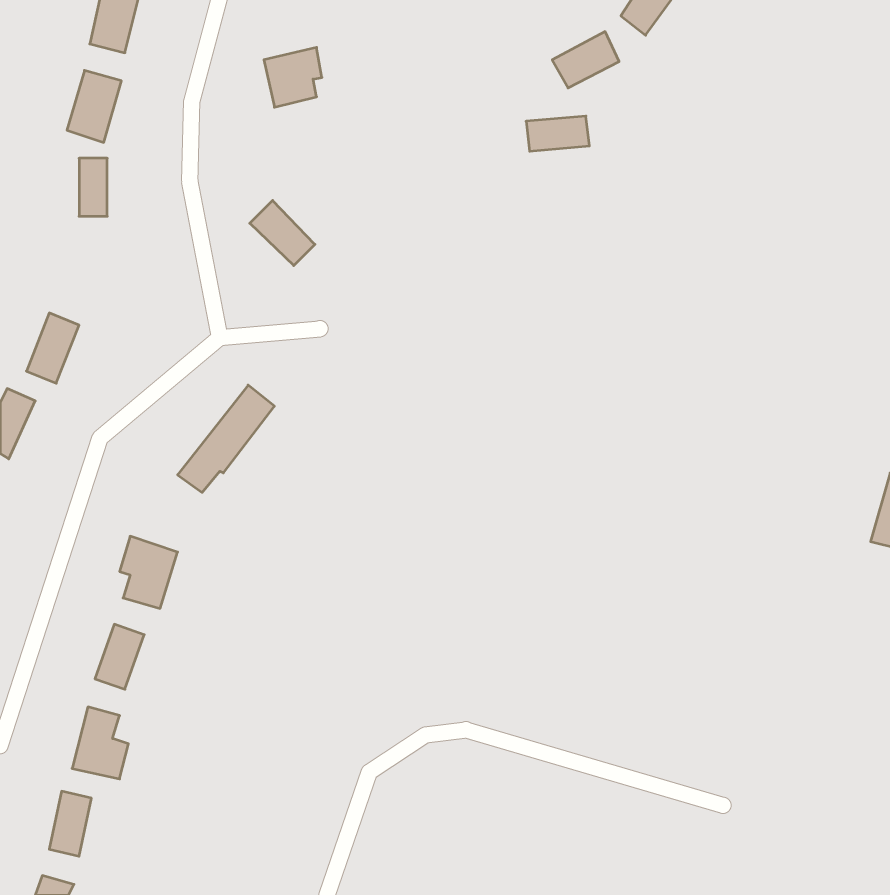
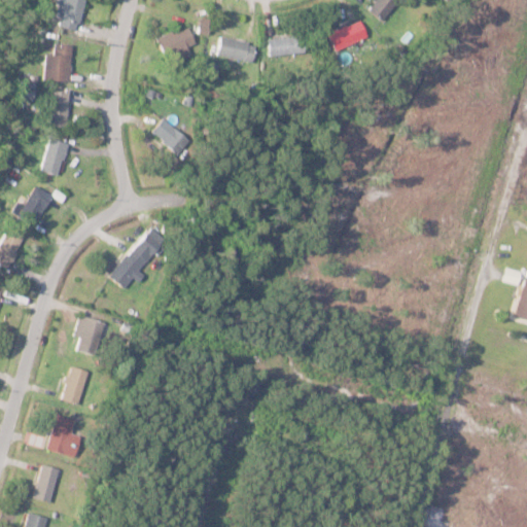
building: none -> [216,35,256,63]
building: [526,116,589,151] -> [269,35,306,56]
building: none -> [45,139,67,174]

